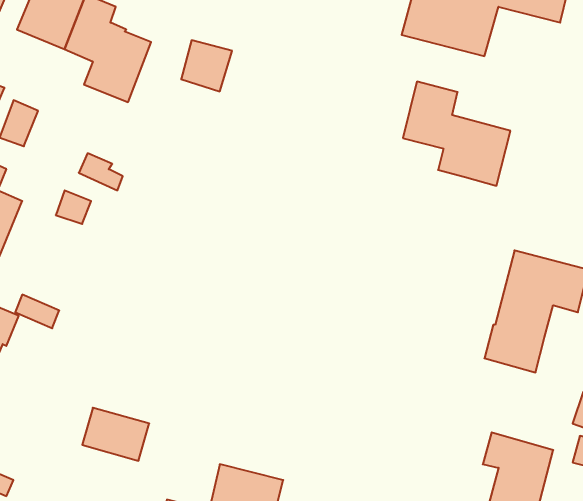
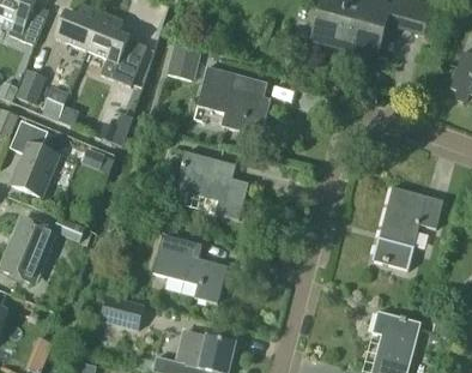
building: [403,82,510,186] -> [198,66,271,137]
building: none -> [175,151,249,219]
building: none -> [153,234,228,303]

